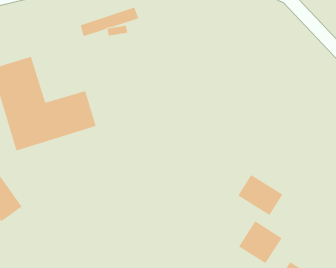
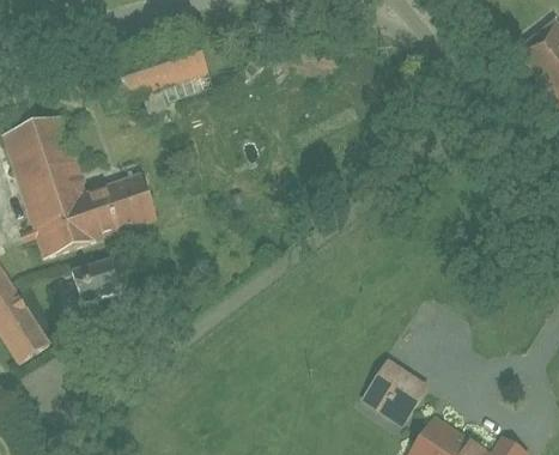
building: none -> [65,256,116,302]
building: [237,174,283,216] -> none

